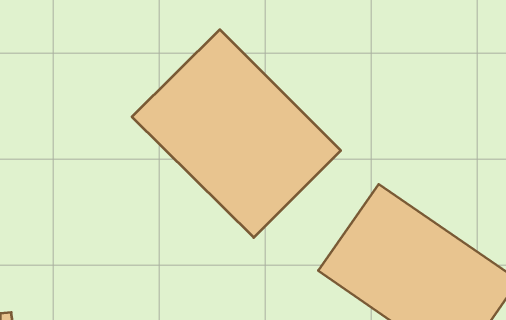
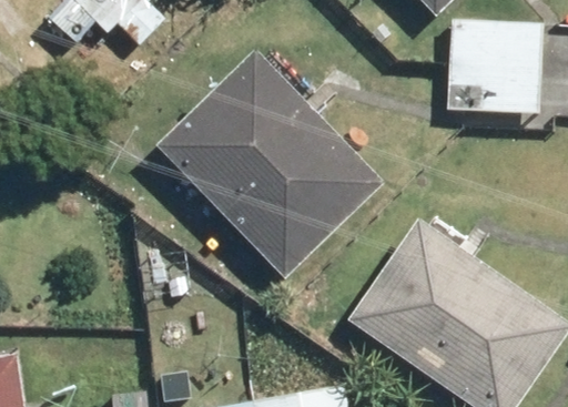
building: none -> [456,28,541,119]

